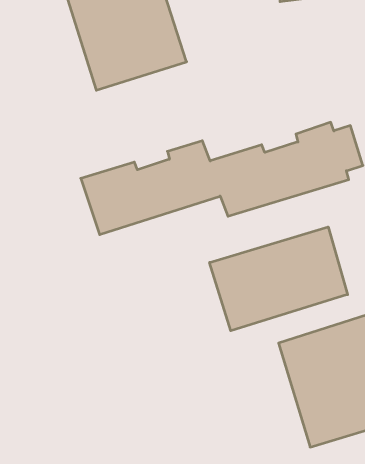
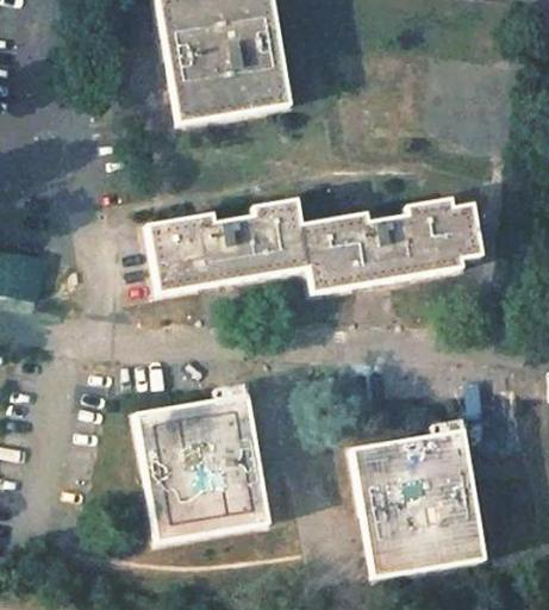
building: [210,227,348,331] -> none
building: none -> [138,393,269,541]

